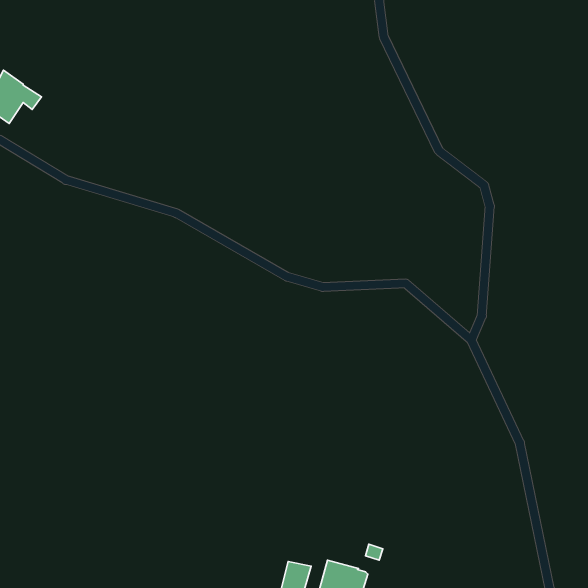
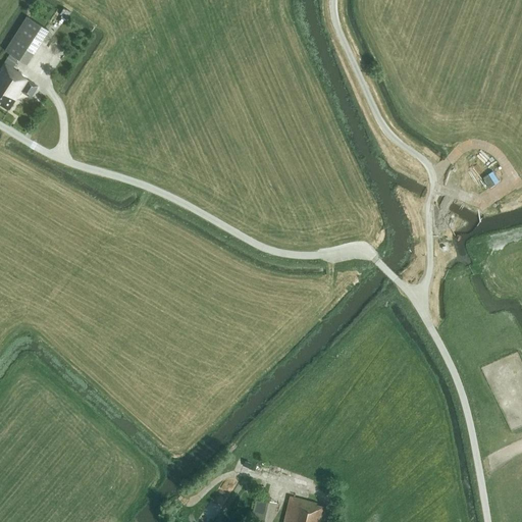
building: none -> [4,17,47,64]

